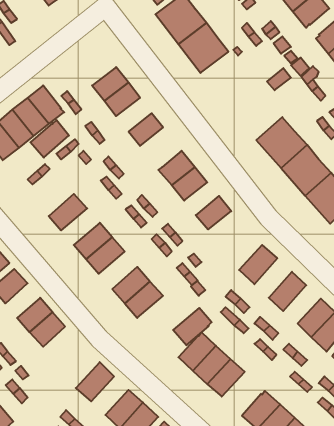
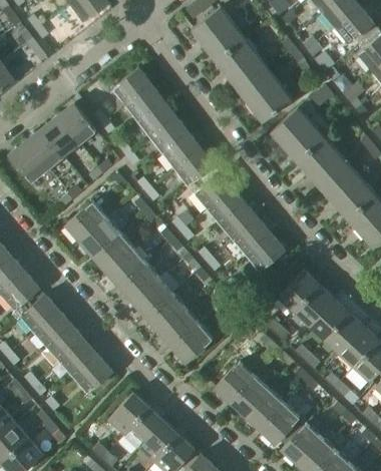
building: none -> [114,68,150,103]
building: none -> [239,68,292,121]
building: none -> [271,107,324,160]
building: none -> [150,116,187,151]
building: [30,120,69,158] -> [66,200,106,240]
building: none -> [175,147,214,184]
building: none -> [222,204,258,239]
building: none -> [93,231,133,270]
building: none -> [247,234,284,270]
building: none -> [132,277,172,316]
building: none -> [295,284,334,325]
building: none -> [35,310,71,346]
building: none -> [325,312,364,352]
building: [173,308,212,345] -> [172,323,213,362]
building: none -> [74,355,111,392]
building: none -> [261,402,300,442]
building: none -> [124,407,163,447]

